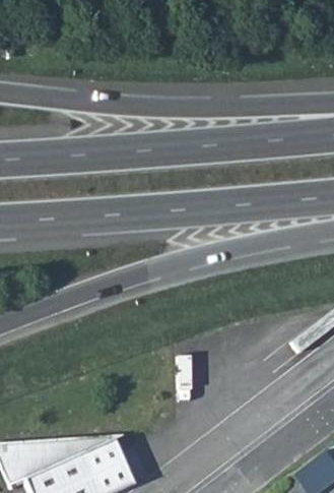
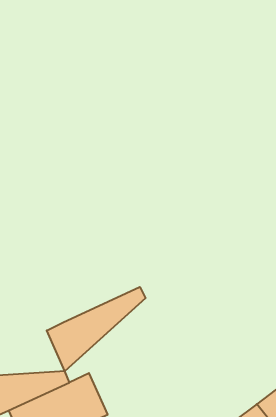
building: none -> [47,287,146,371]

